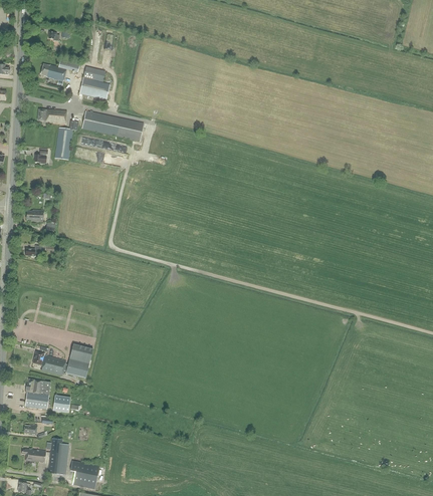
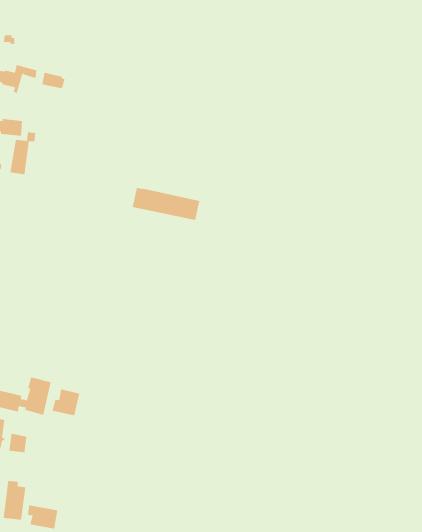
building: [79,77,111,100] -> none
building: [81,110,144,141] -> [132,187,200,221]
building: none -> [52,389,80,416]

